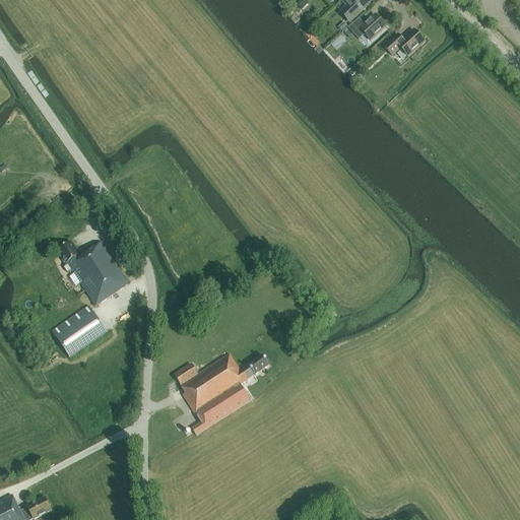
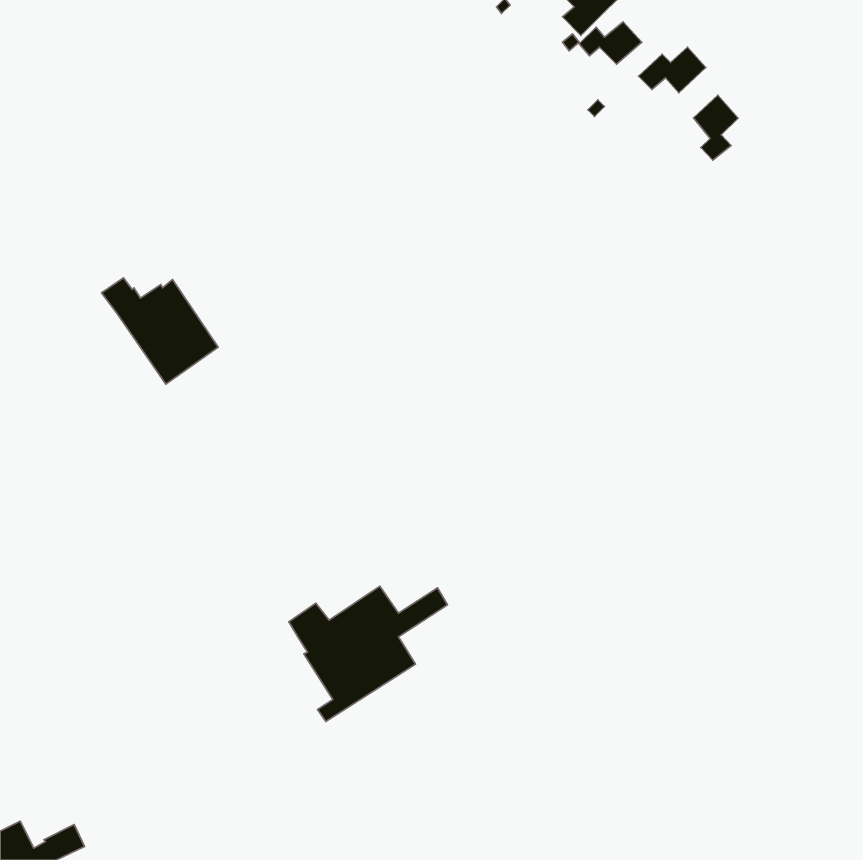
building: none -> [694,95,738,160]
building: [58,241,128,305] -> [102,278,218,384]
building: [56,311,107,356] -> none

